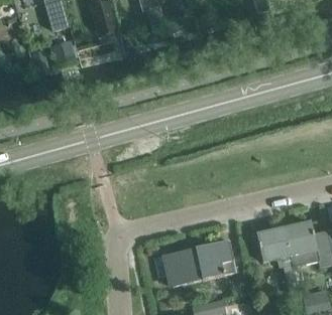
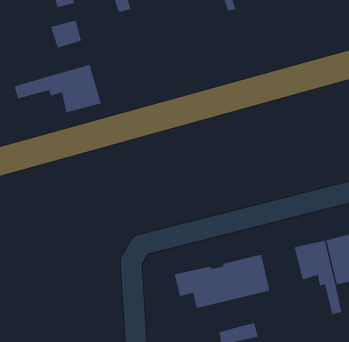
building: none -> [14,64,101,113]

